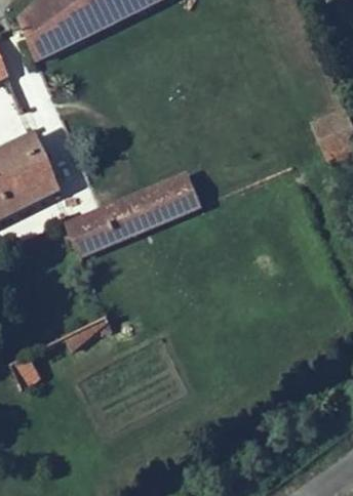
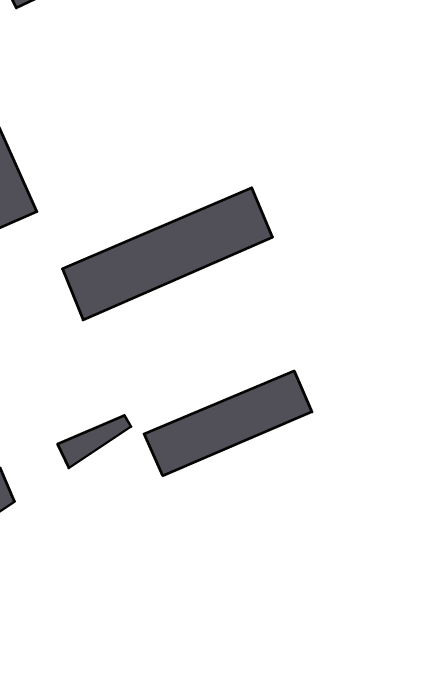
building: none -> [144,371,312,476]

